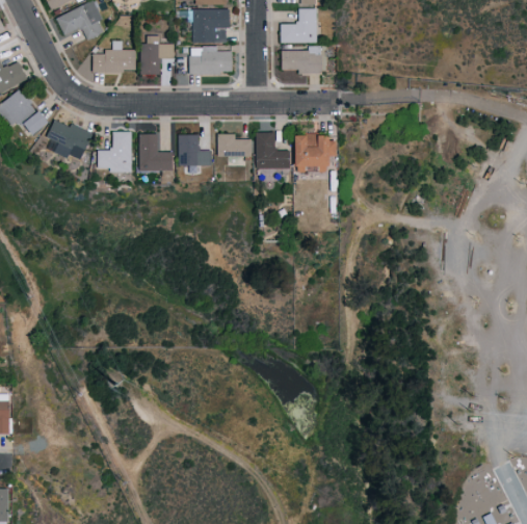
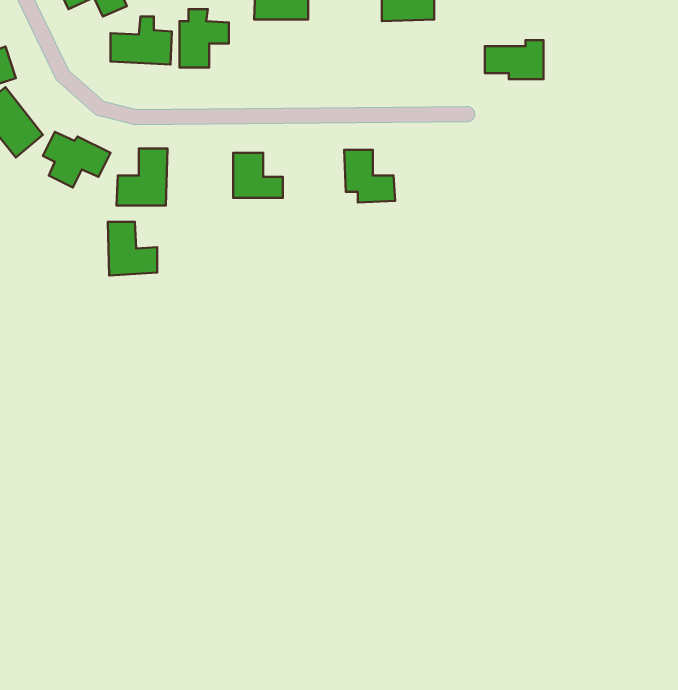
building: [189,47,232,76] -> none
building: [281,47,321,74] -> [485,40,543,79]
building: [138,134,173,172] -> [108,222,157,276]
building: [217,134,252,158] -> none
building: [292,135,335,174] -> none

